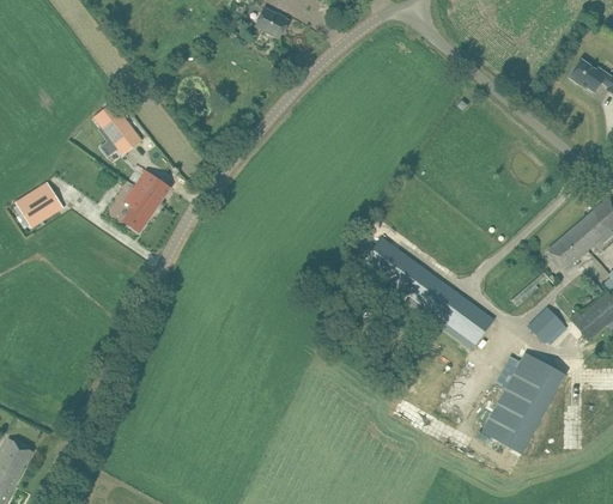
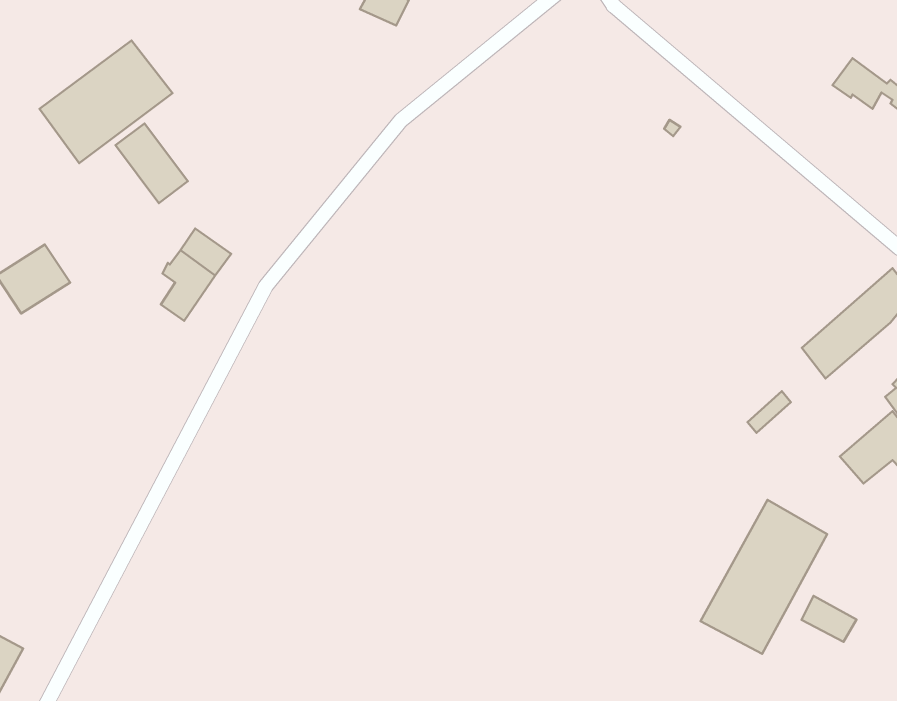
building: none -> [39,40,173,163]
building: [363,237,493,344] -> none
building: [528,308,563,342] -> none
building: none -> [801,596,857,642]

